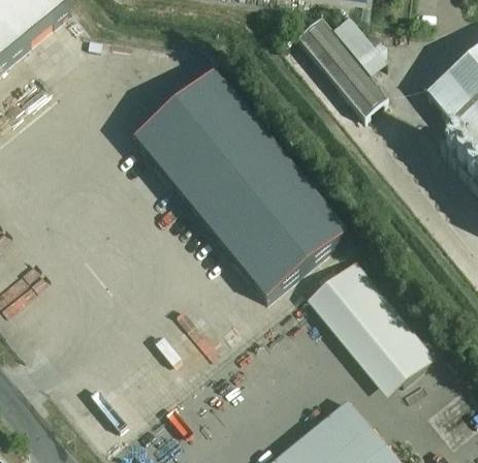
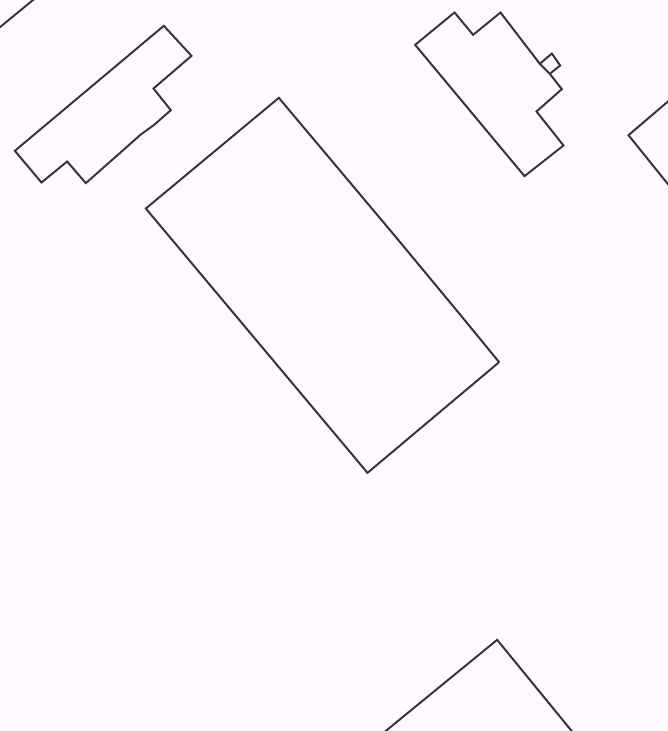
building: none -> [15,26,191,183]
building: [306,257,435,396] -> none

